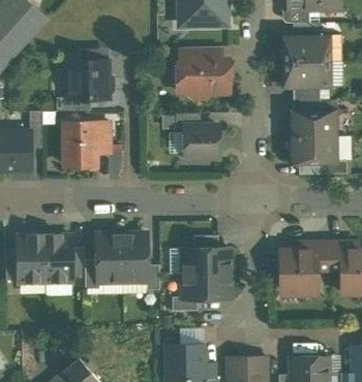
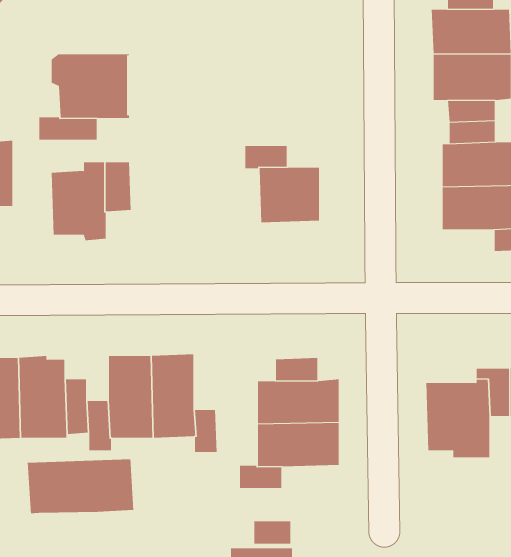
building: [178,47,229,97] -> none
building: none -> [27,458,134,514]

